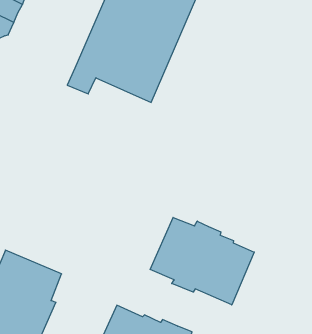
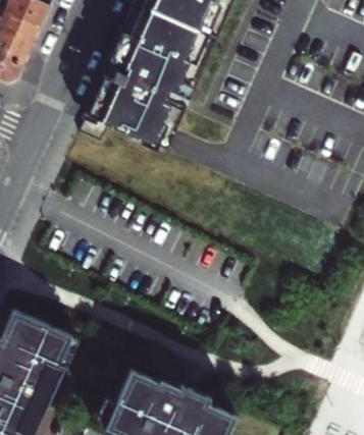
building: [150,217,254,305] -> none

